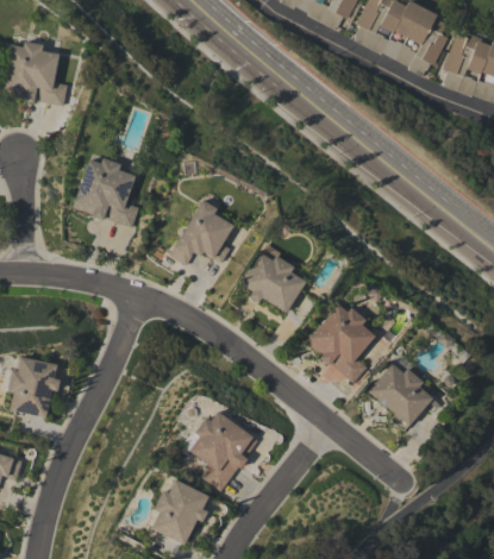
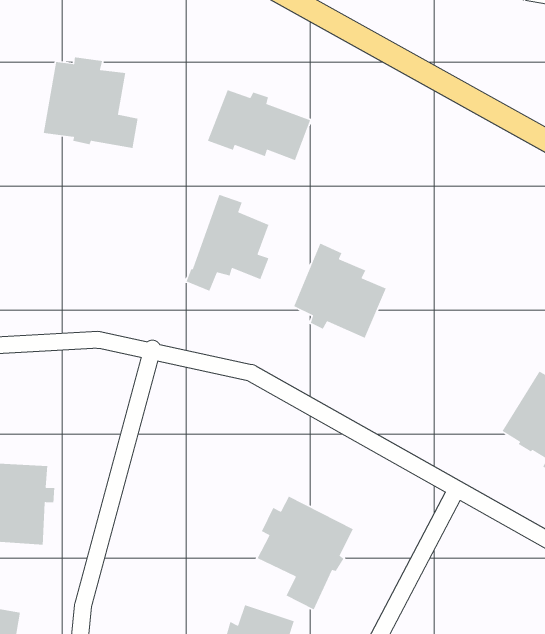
building: none -> [207,89,311,161]
building: [73,158,139,227] -> [43,56,139,149]
building: [306,303,375,382] -> none

